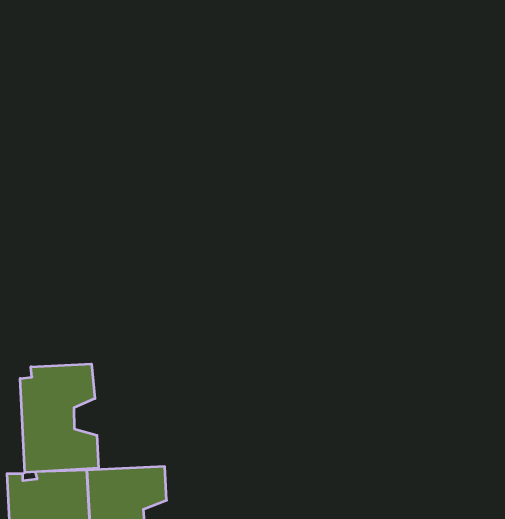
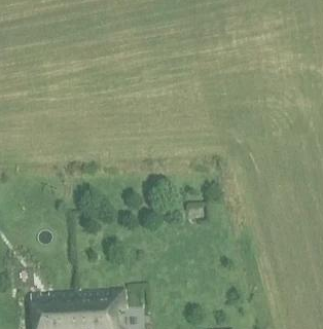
building: [20,364,99,473] -> none

